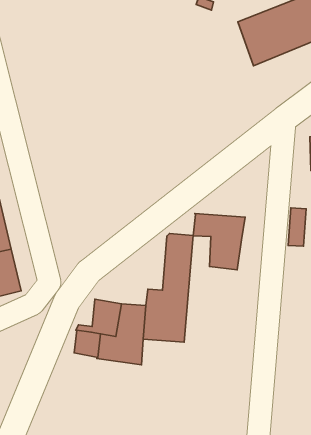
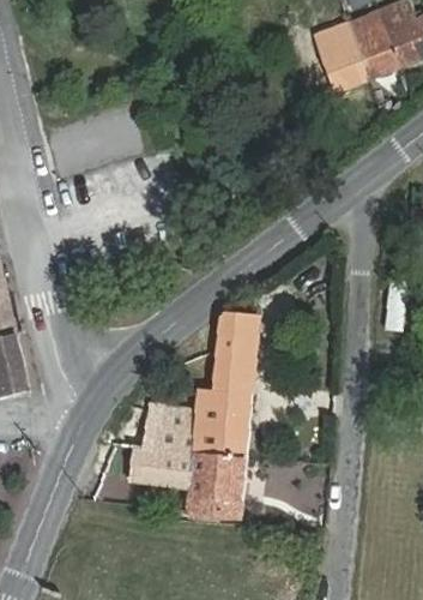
building: [193,214,245,270] -> none
building: none -> [186,454,244,516]

